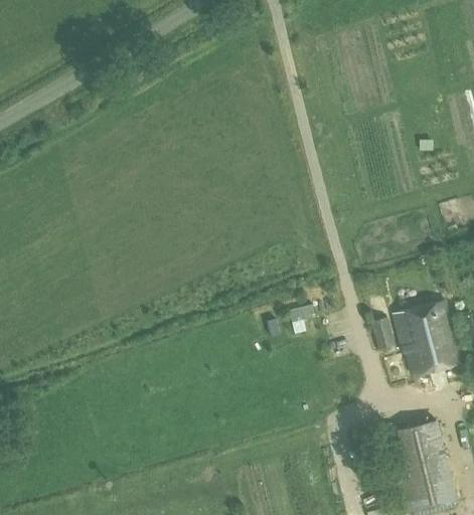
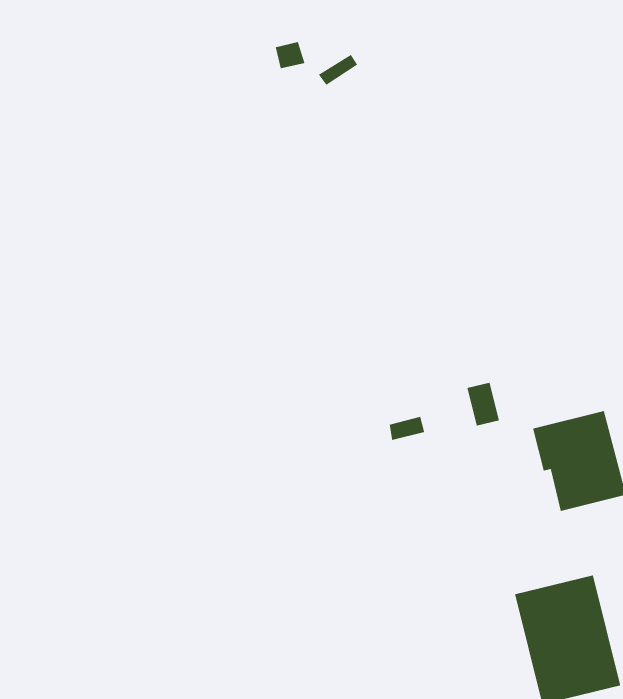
building: [371,318,396,350] -> [466,382,500,426]

